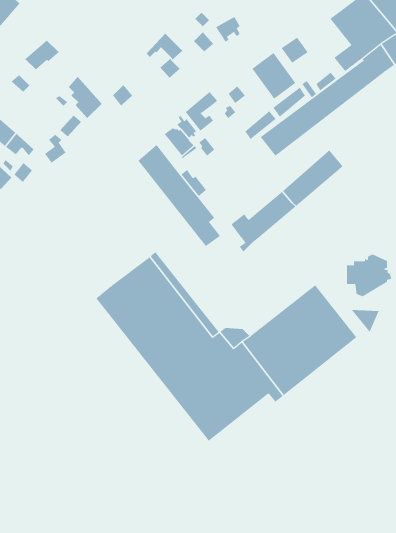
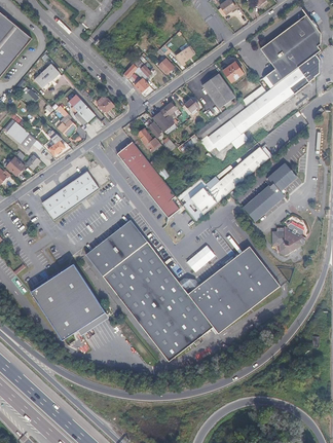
building: none -> [244,163,294,219]
building: none -> [44,174,100,220]
building: none -> [30,263,105,340]

